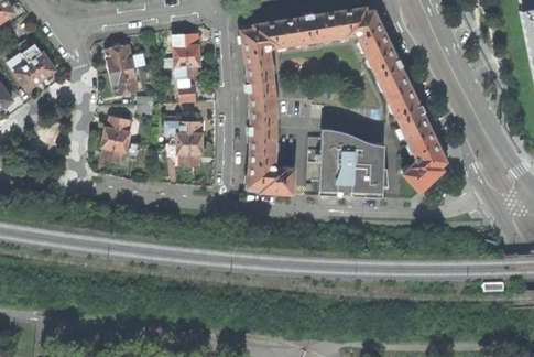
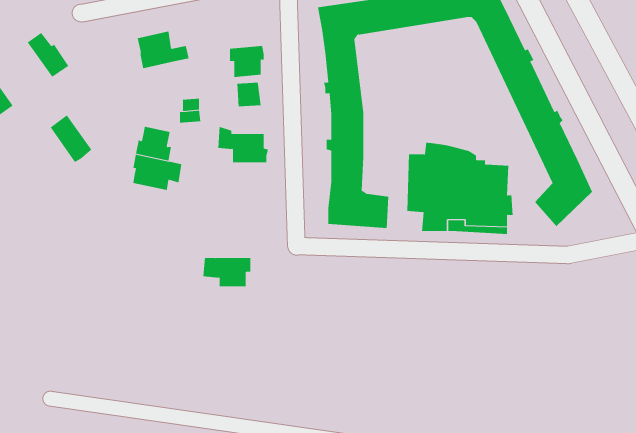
building: [163,32,199,56] -> none
building: [9,52,41,88] -> [50,114,92,163]
building: [109,66,139,95] -> none
building: [166,142,203,164] -> [203,258,251,287]

